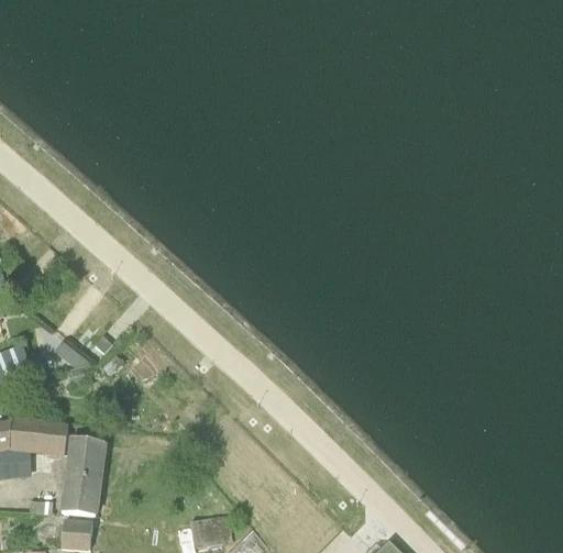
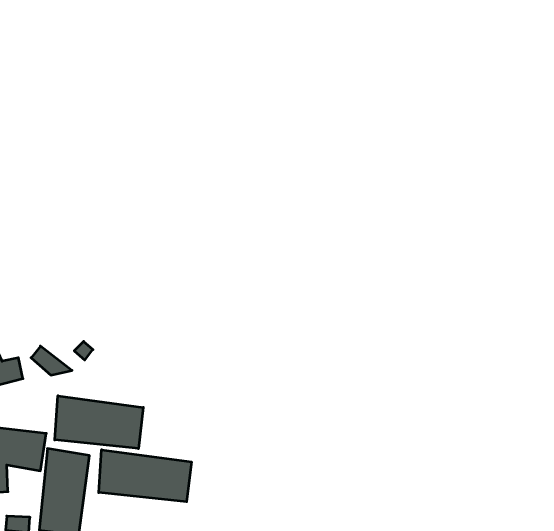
building: none -> [55,396,143,449]
building: none -> [99,450,191,502]

